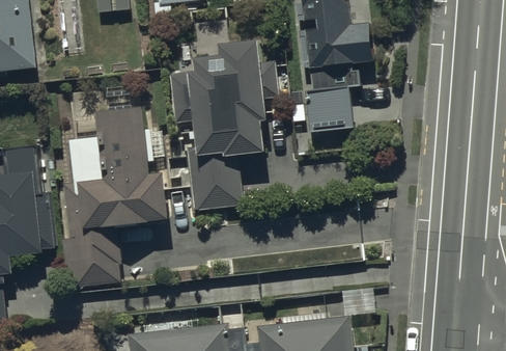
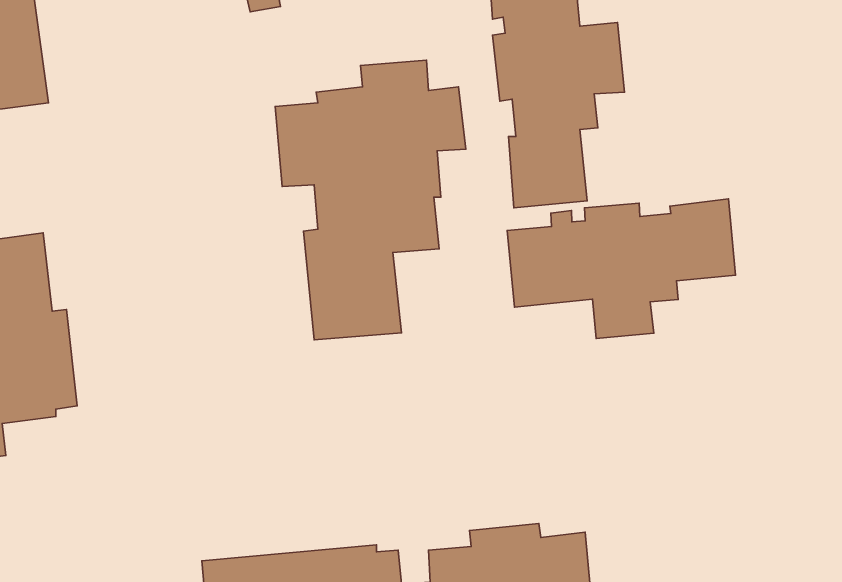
building: [60,111,170,289] -> none
building: none -> [507,199,736,338]

